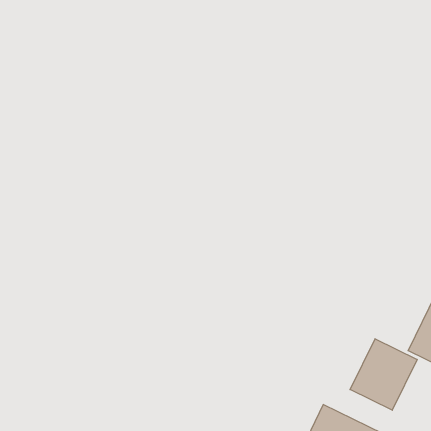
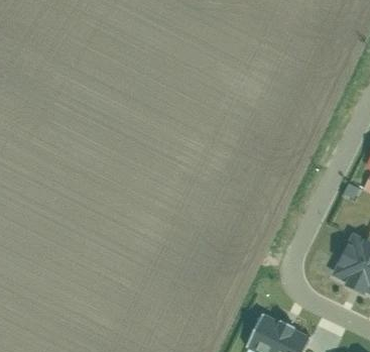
building: [350,339,417,410] -> none

